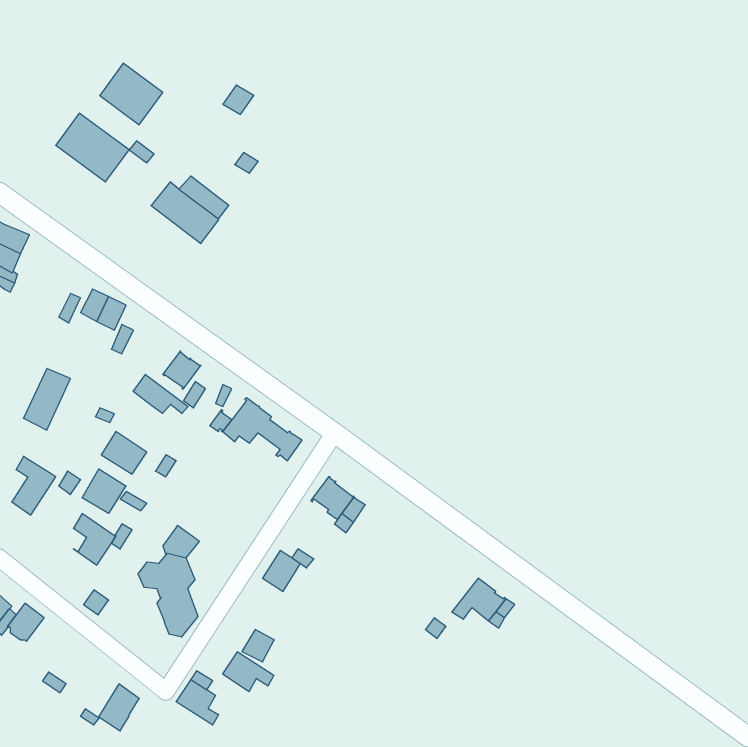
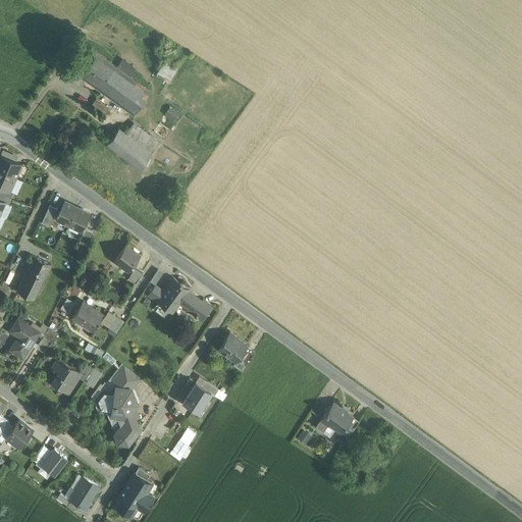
building: [56,113,129,182] -> [97,66,148,114]
building: [133,374,188,414] -> none
building: [82,469,126,513] -> none
building: none -> [31,443,65,476]
building: [223,652,274,692] -> [112,489,148,517]

